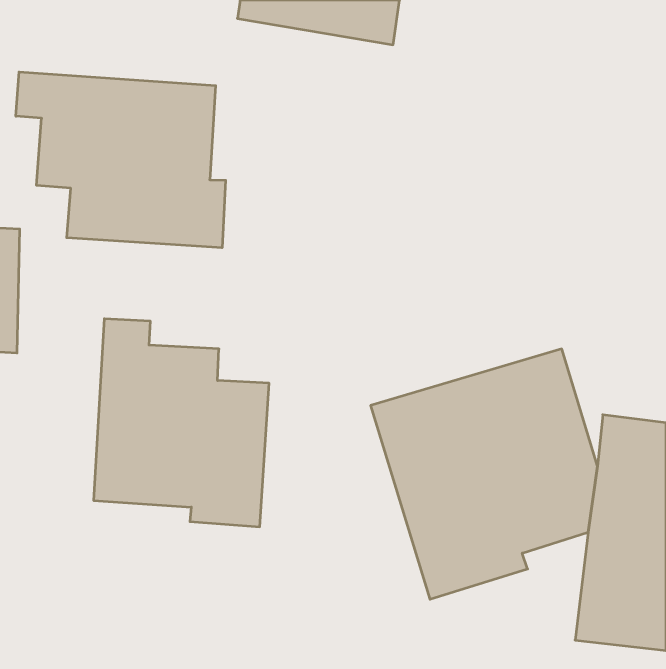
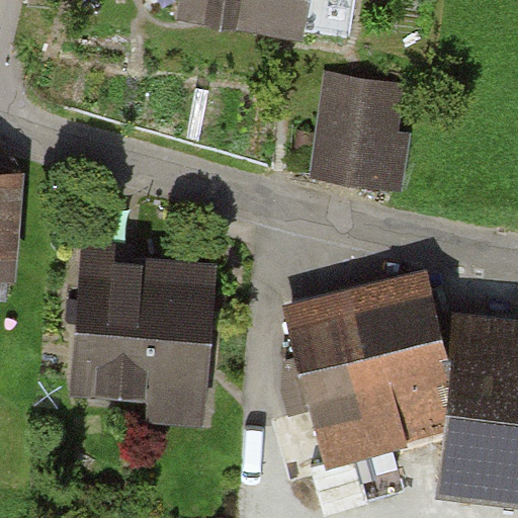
building: [16,72,226,248] -> none
building: none -> [317,72,409,188]

